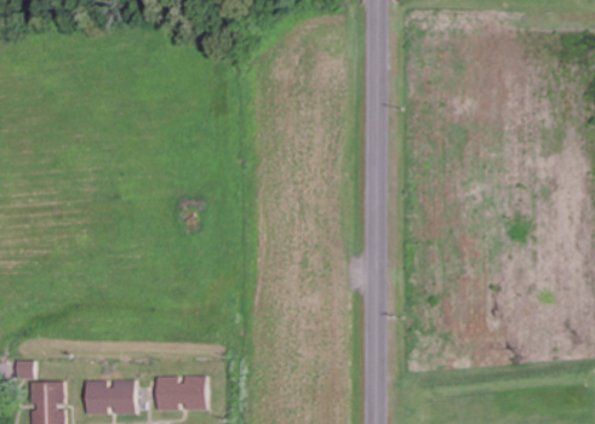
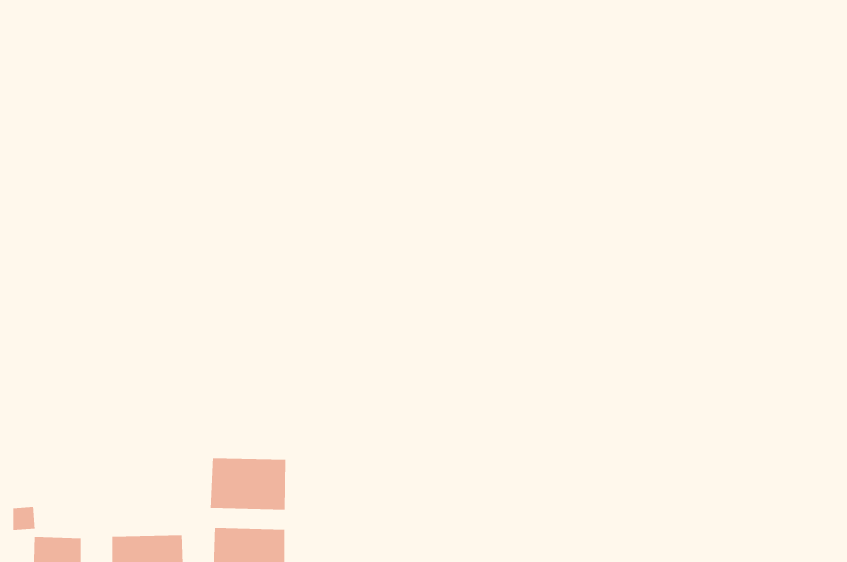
building: none -> [210,457,286,510]

